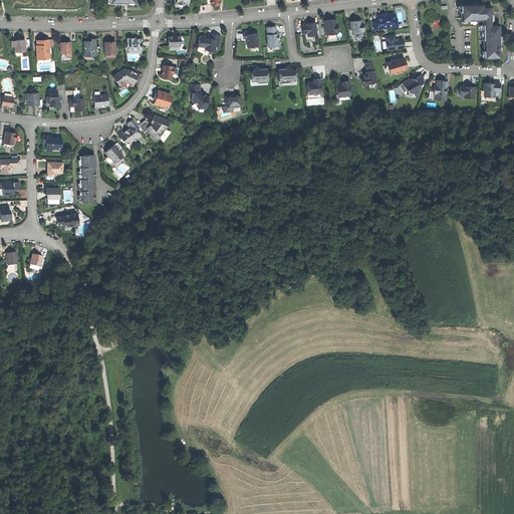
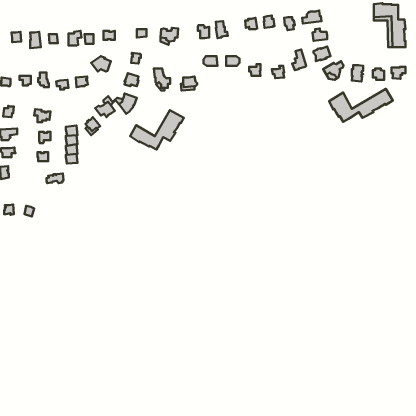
building: none -> [329,89,393,122]
building: none -> [130,110,184,150]

